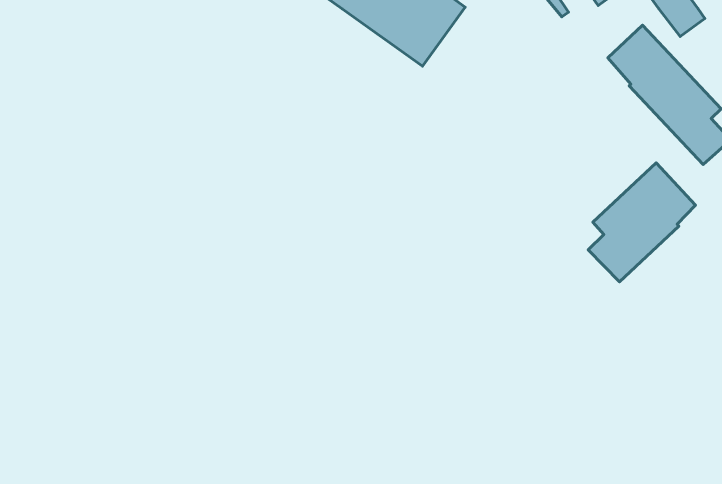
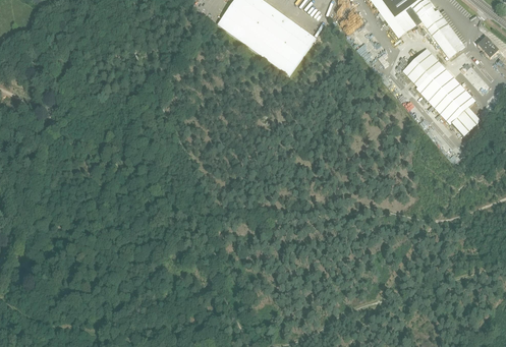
building: [588,163,695,282] -> none

